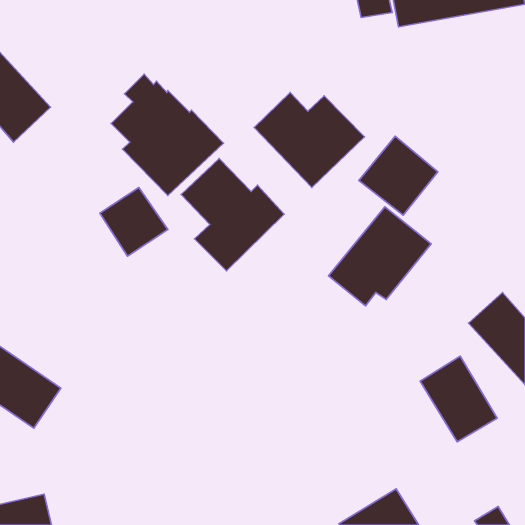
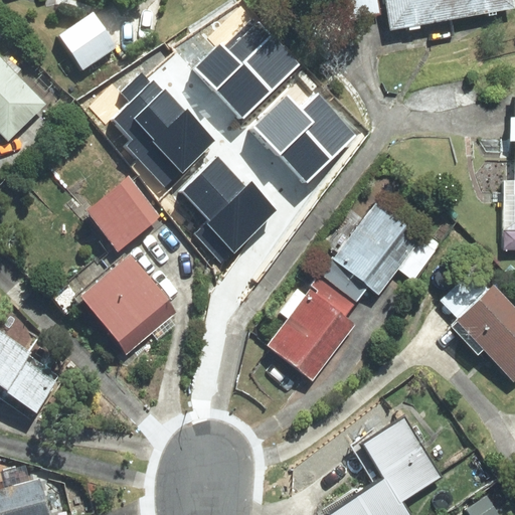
building: none -> [59,15,115,70]
building: none -> [190,18,296,119]
building: [359,136,438,215] -> none
building: none -> [81,258,175,351]
building: none -> [268,277,355,378]
building: [420,356,497,442] -> [369,416,445,500]

